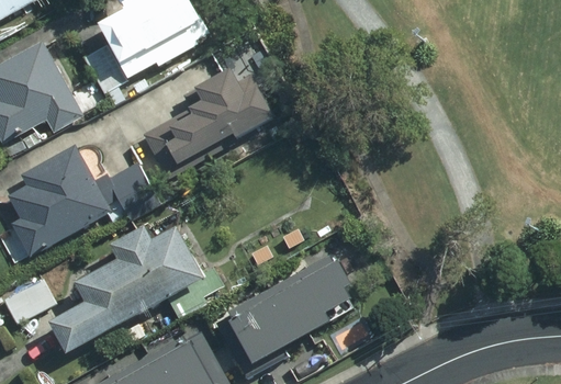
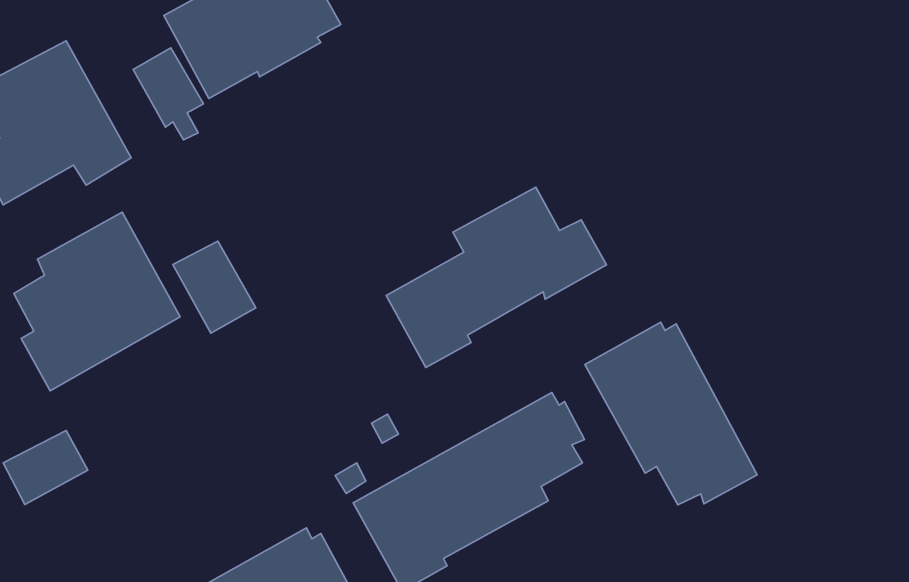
building: [143,67,277,177] -> [386,187,606,368]
building: none -> [585,322,757,505]
building: [55,226,206,349] -> none

